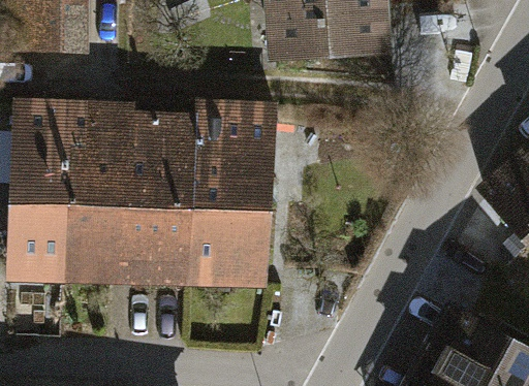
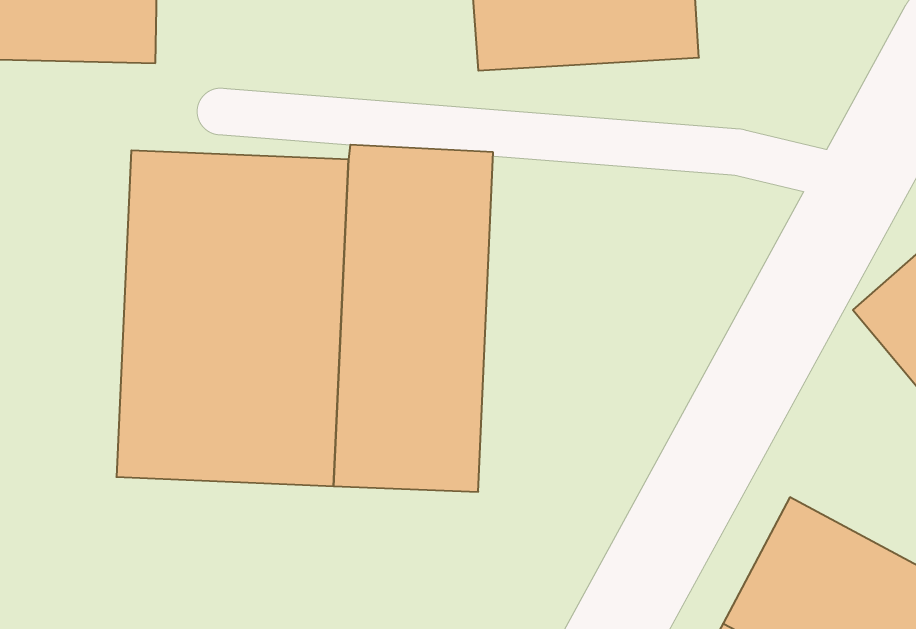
building: [8,97,74,282] -> none

